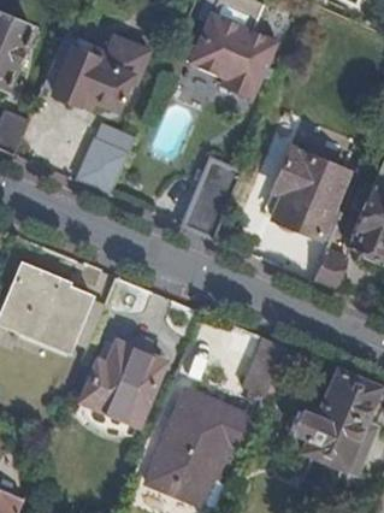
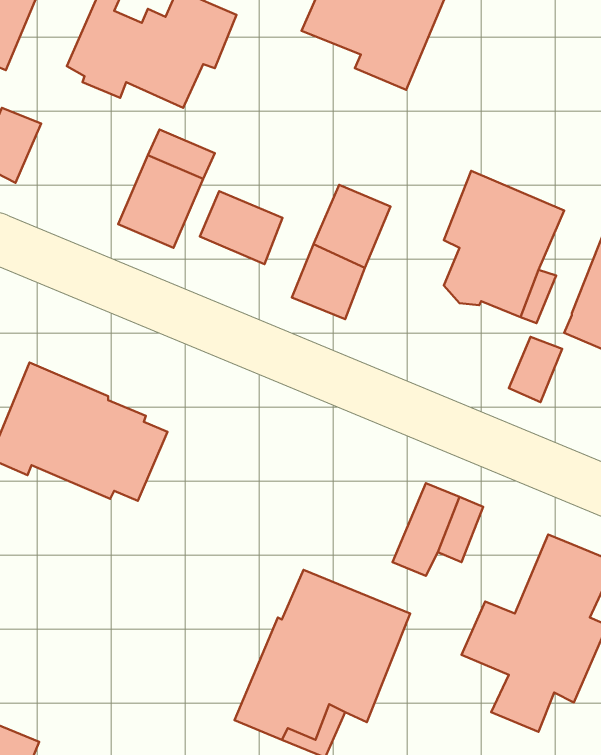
building: none -> [200,191,282,264]
building: [81,342,164,424] -> none

